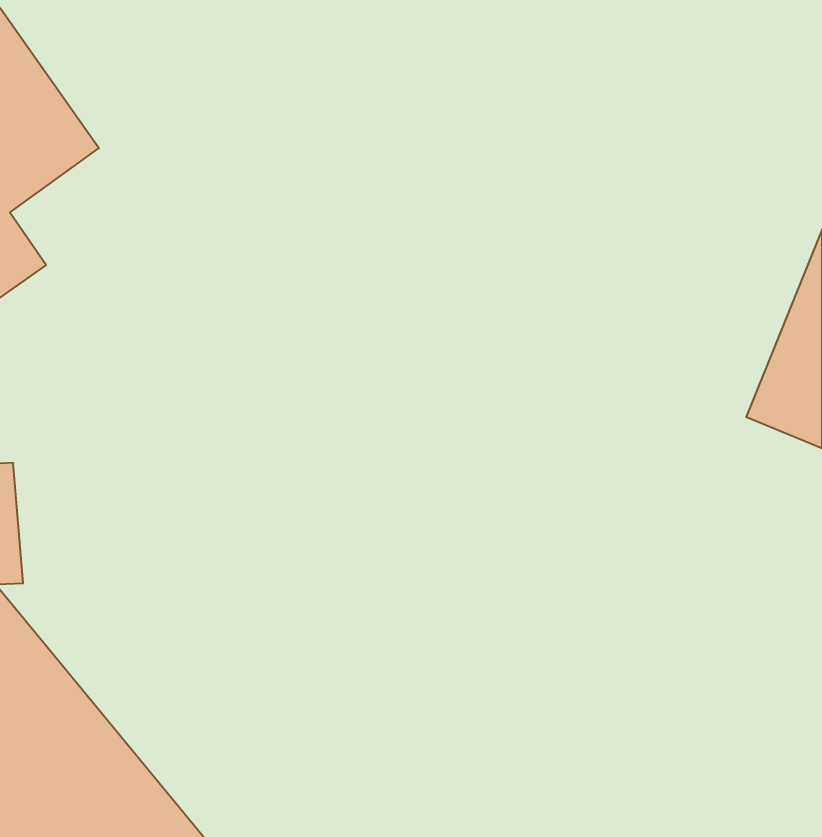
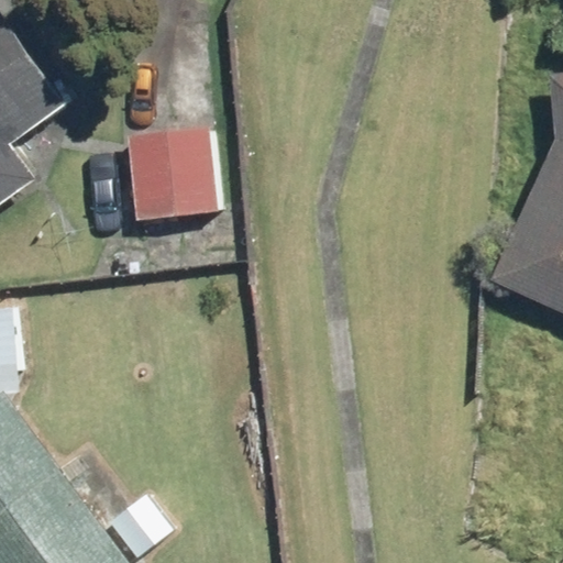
building: none -> [122,126,216,223]

